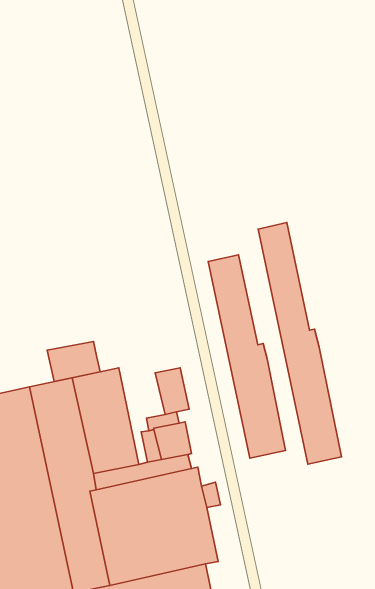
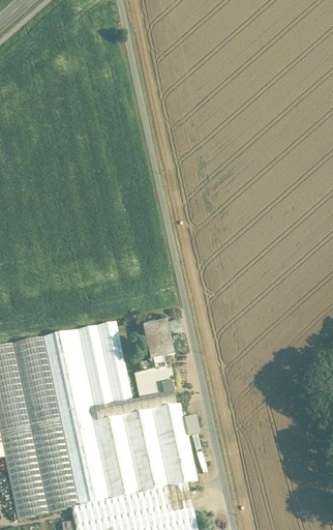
building: [258,223,342,464] -> none
building: [208,255,286,458] -> none
building: [47,342,100,382] -> none

